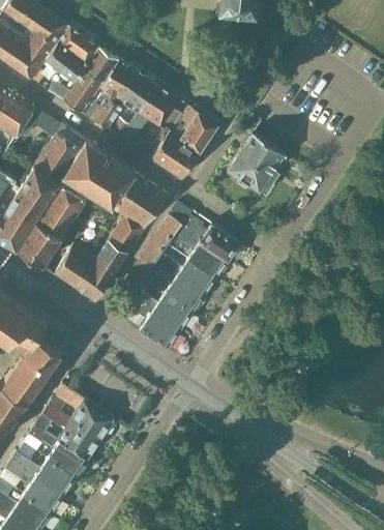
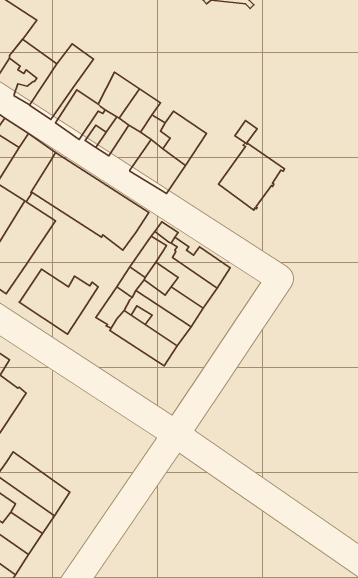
building: [56,27,99,65] -> none
building: [100,61,137,100] -> none
building: [101,215,144,261] -> none
building: [127,299,180,350] -> none
building: [48,384,113,441] -> none

